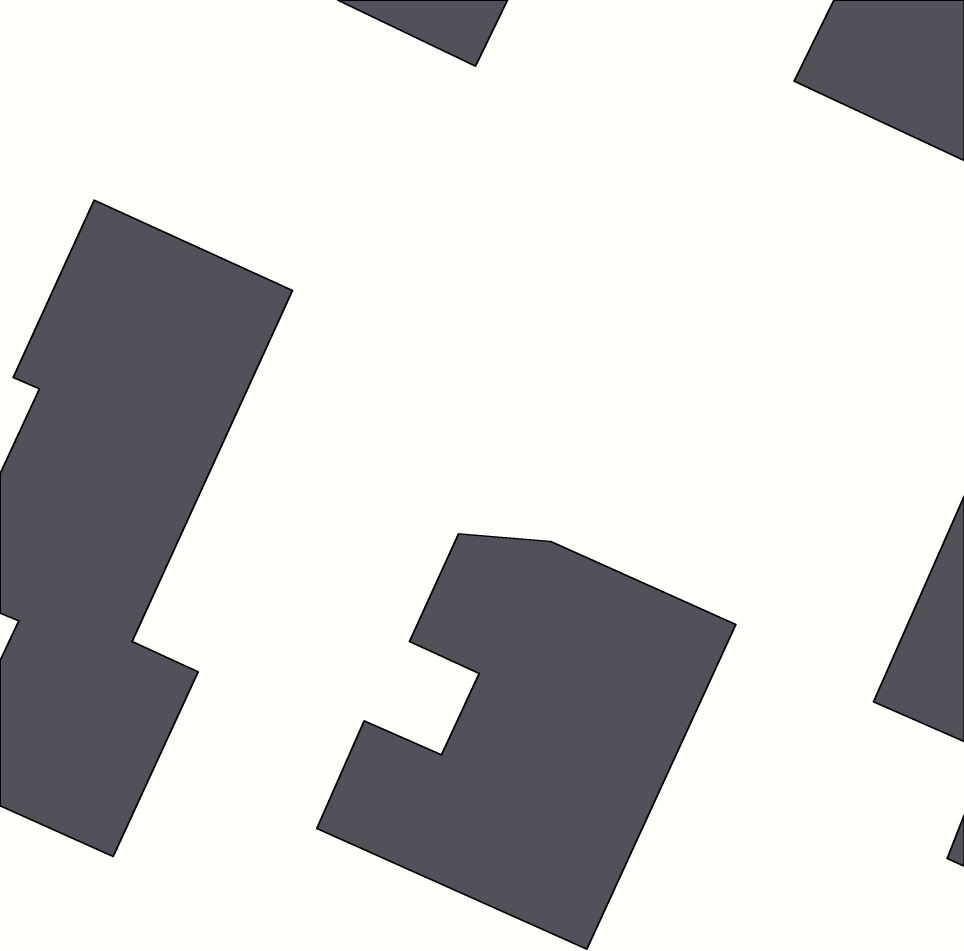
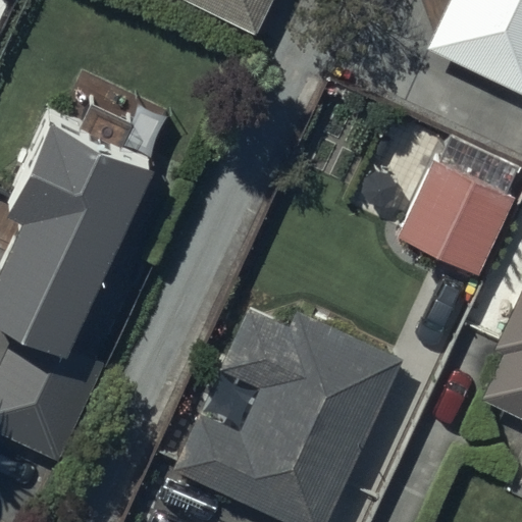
building: none -> [398,165,516,280]

